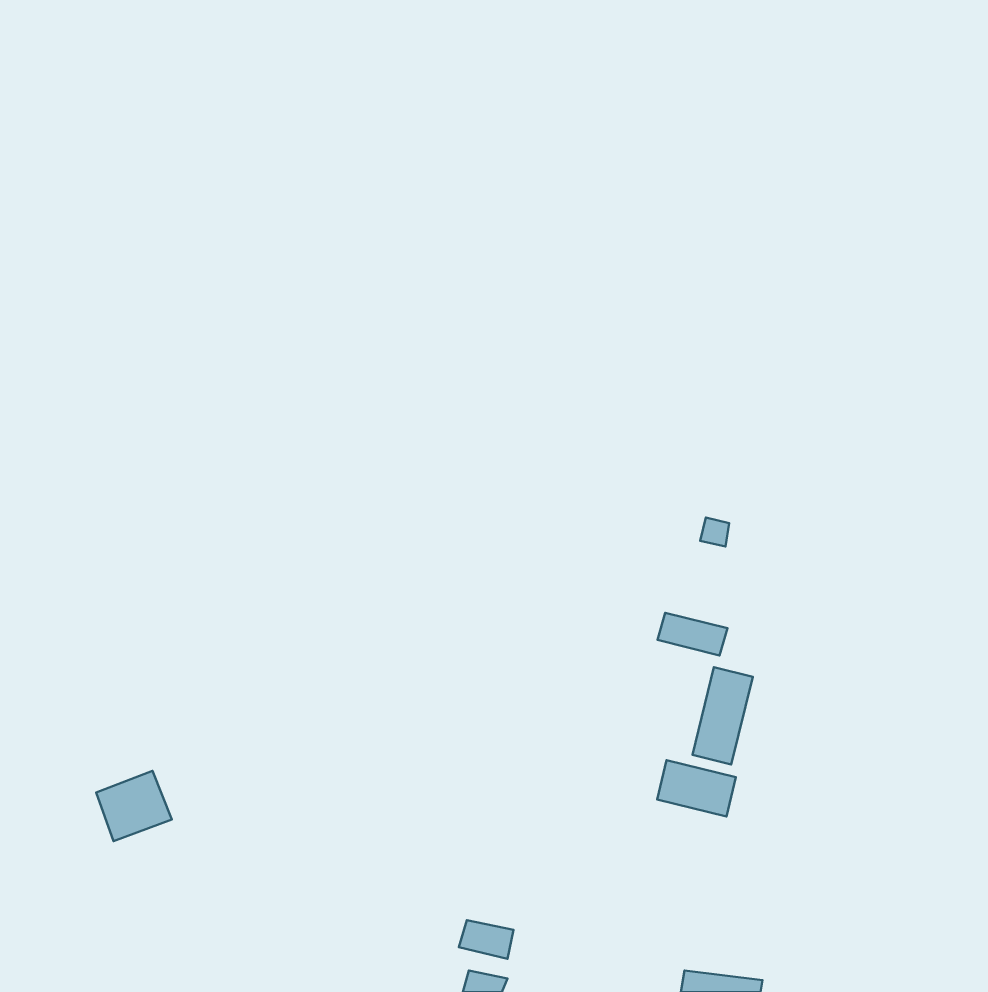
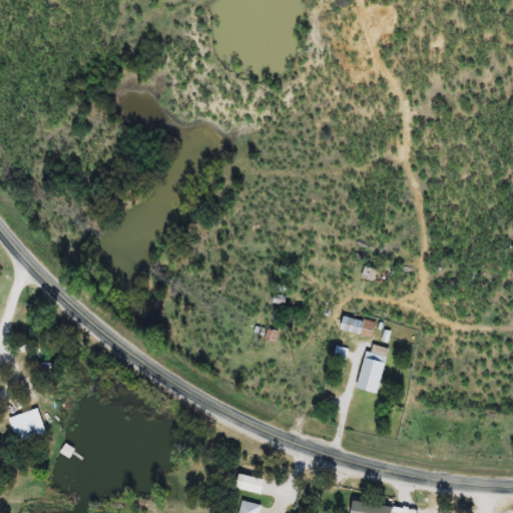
building: [657,760,736,816] -> none
building: [96,771,172,841] -> [8,407,47,443]

